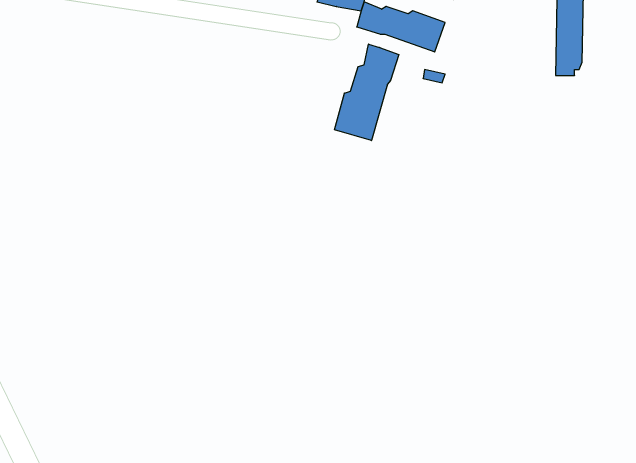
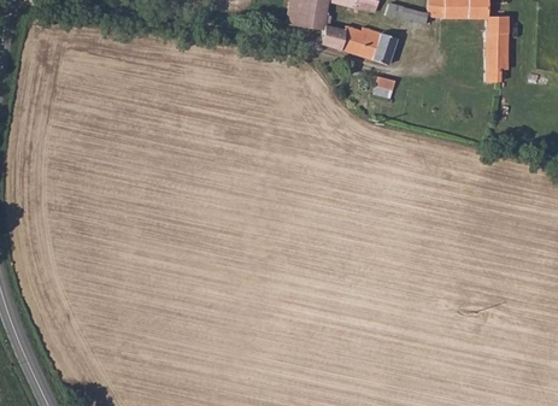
building: [334,44,399,141] -> none

